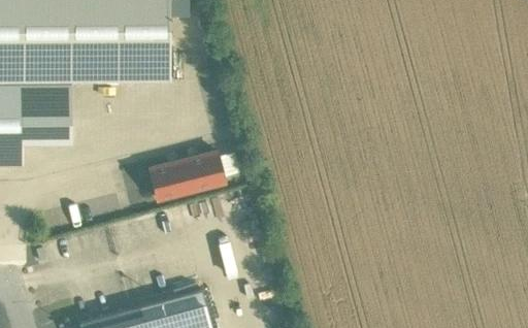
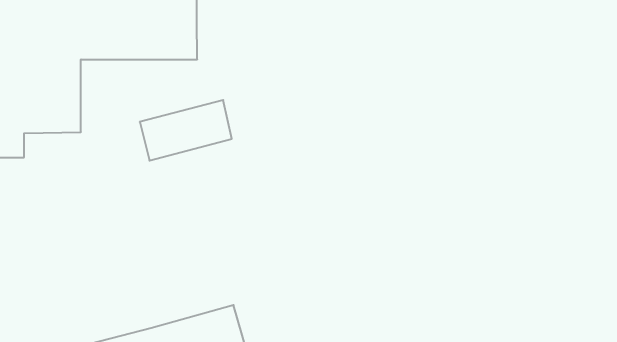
building: [147,153,226,204] -> [140,100,232,161]

